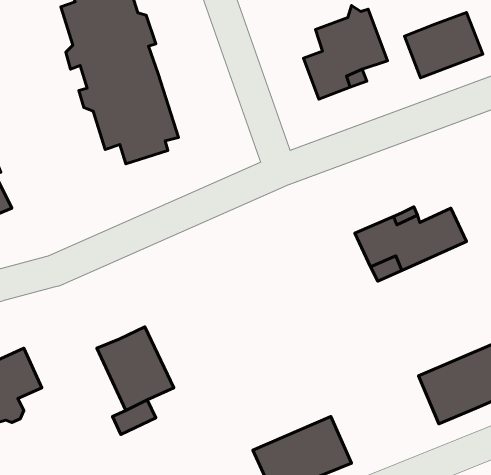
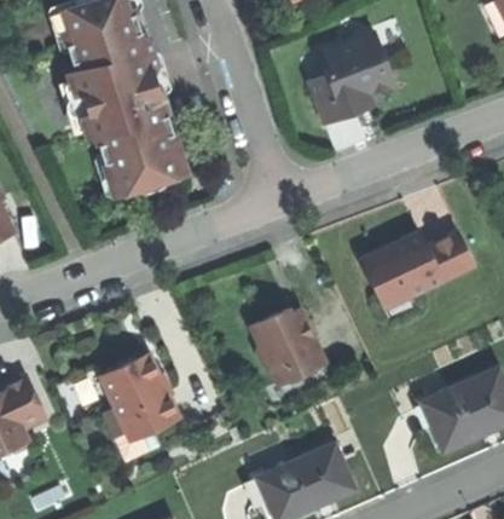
building: [405,12,483,78] -> none
building: none -> [251,306,324,382]

